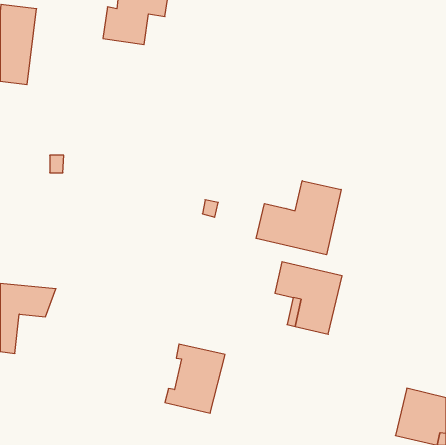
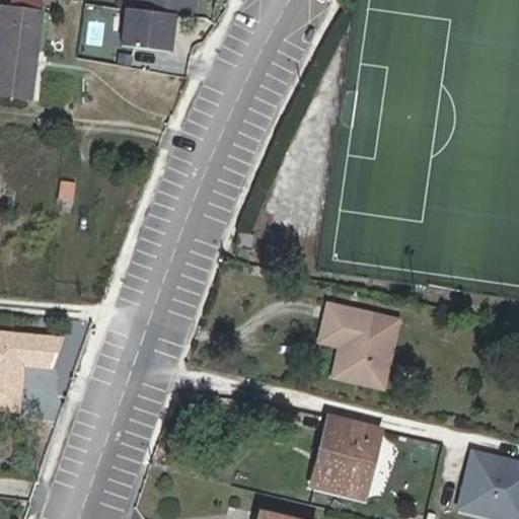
building: [256,181,341,255] -> none
building: [165,344,225,413] -> [310,418,380,498]

